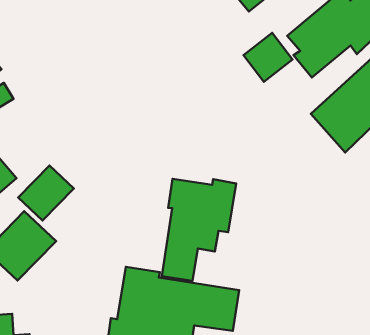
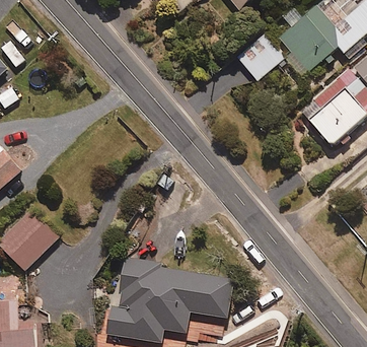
building: [18,165,74,221] -> none
building: [162,179,236,281] -> none

